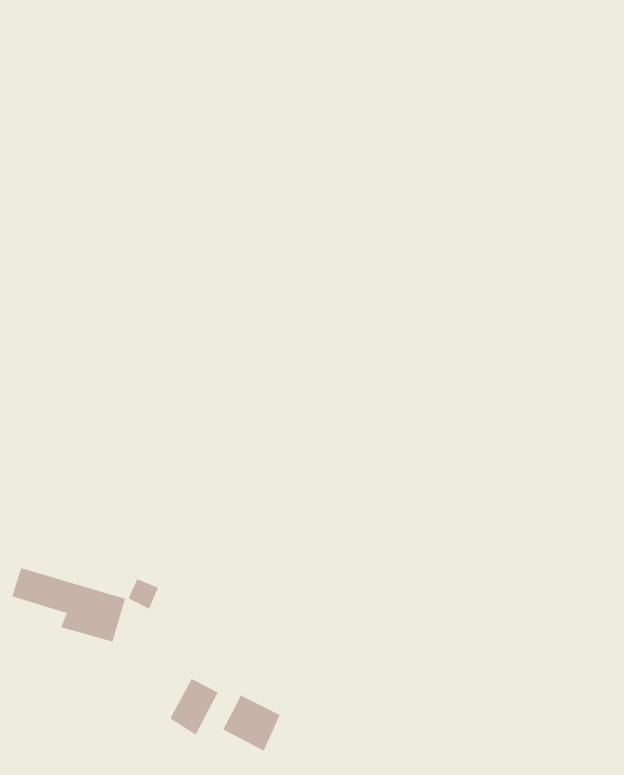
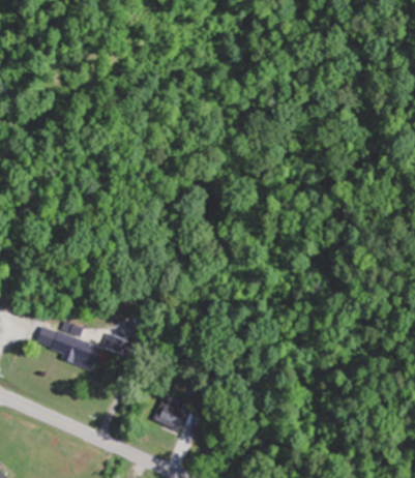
building: [169,678,219,735] -> none

